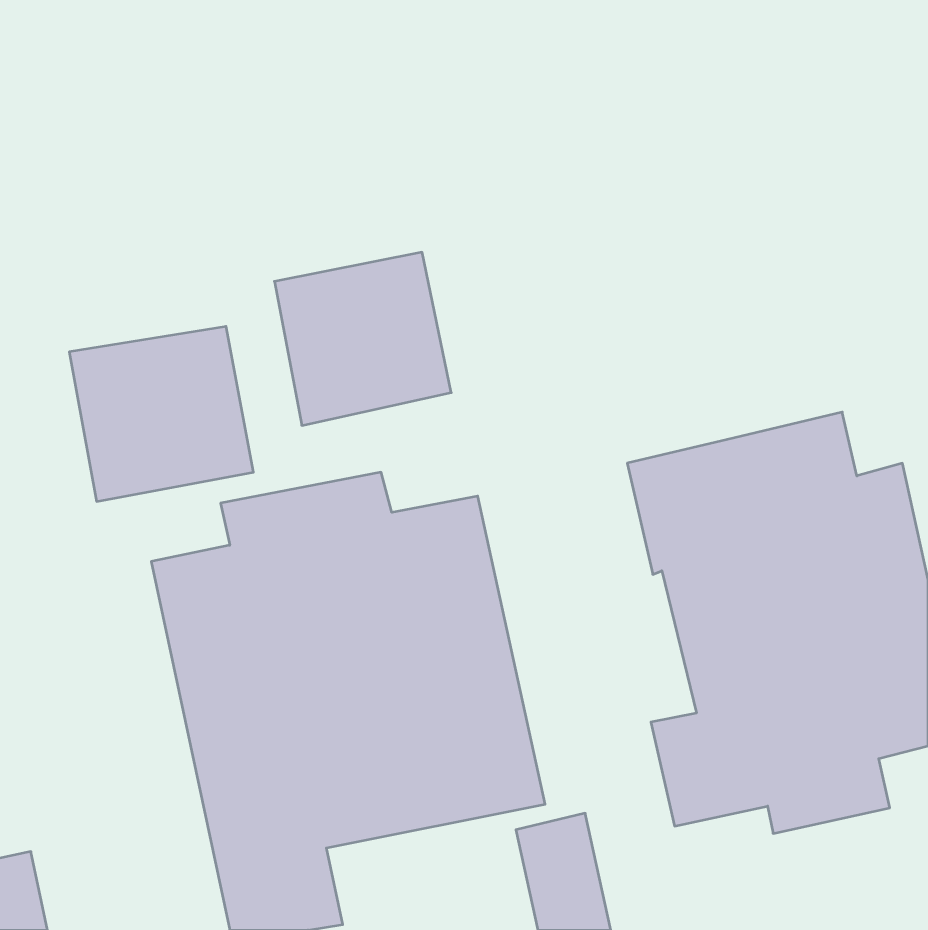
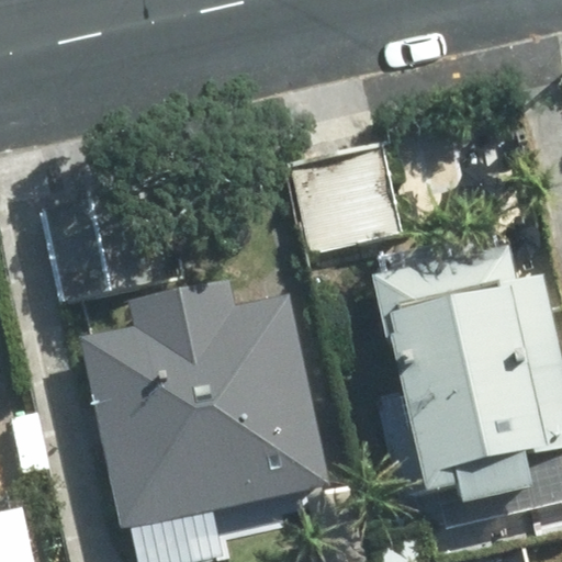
building: [274,252,451,425] -> [291,147,397,251]

